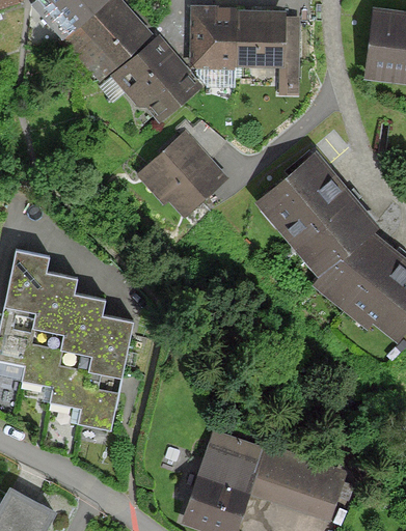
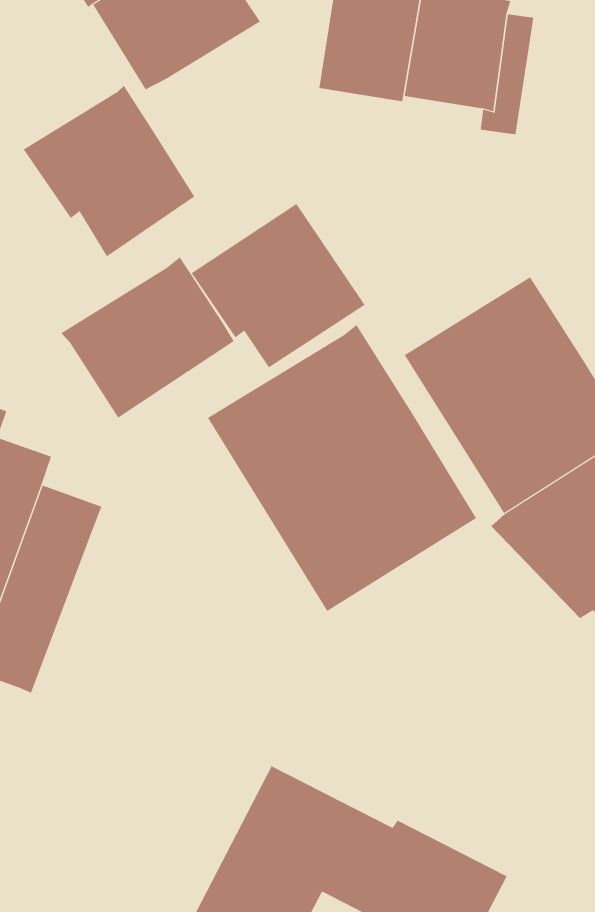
building: [109,33,204,125] -> [23,85,195,257]
building: none -> [60,256,235,419]
building: none -> [207,324,477,612]
building: [79,318,133,429] -> none

